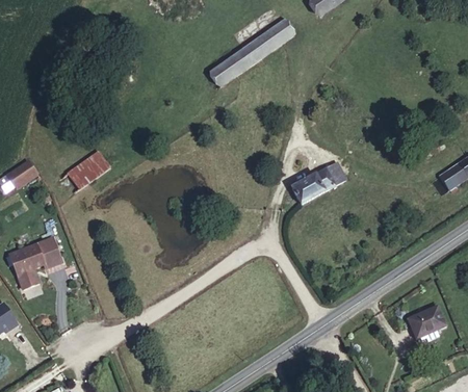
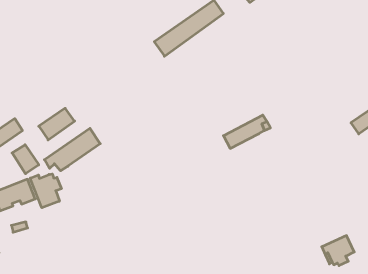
building: none -> [44,128,100,171]
building: none -> [12,145,39,174]
building: none -> [30,174,61,208]

